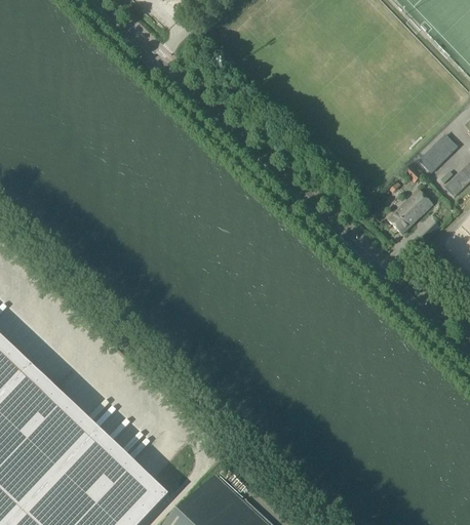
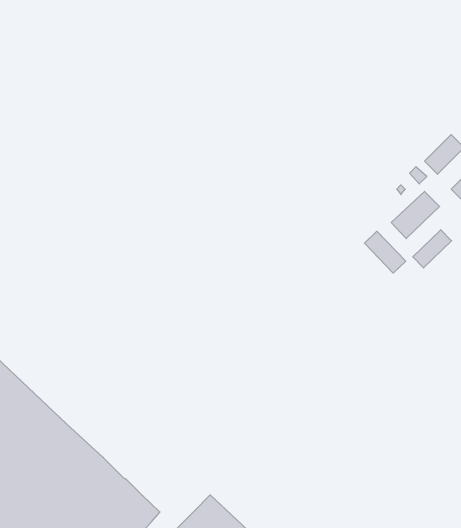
building: none -> [413,230,452,268]
building: none -> [364,231,406,273]

